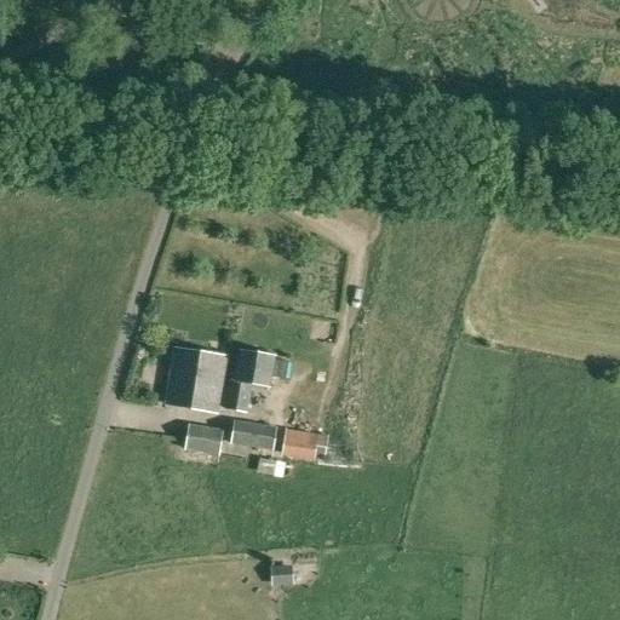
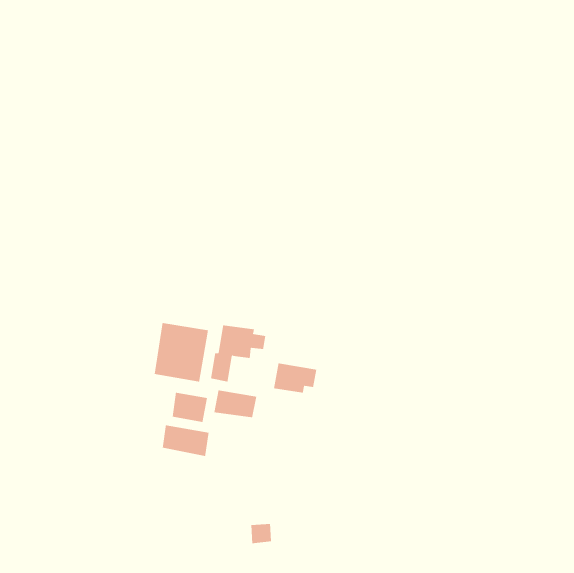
building: [281,427,328,460] -> [273,363,317,393]
building: none -> [162,424,209,457]

